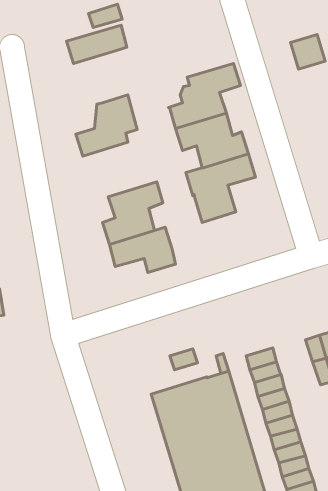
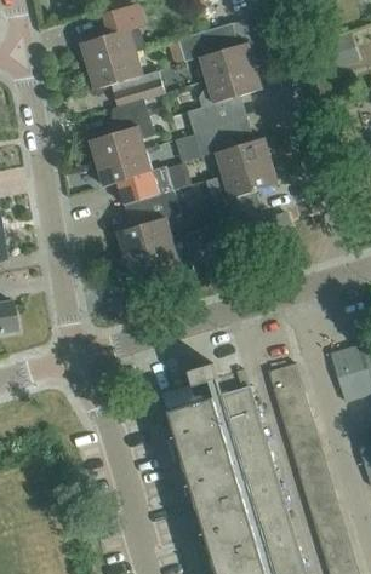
building: none -> [178,23,255,81]
building: none -> [87,52,165,108]
building: none -> [97,149,175,206]

